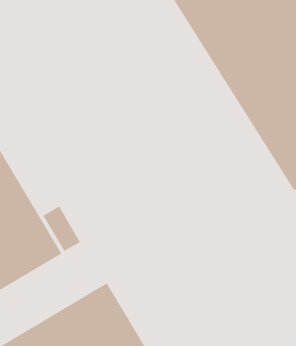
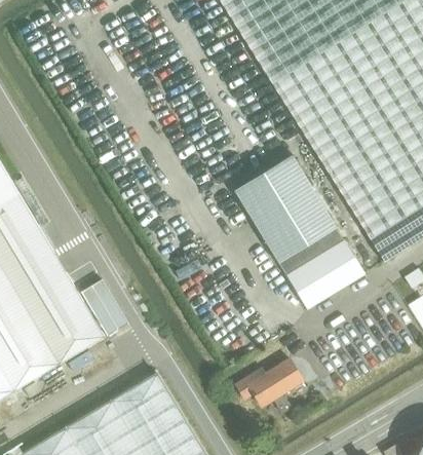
building: none -> [233,155,364,310]
building: none -> [234,358,303,414]

